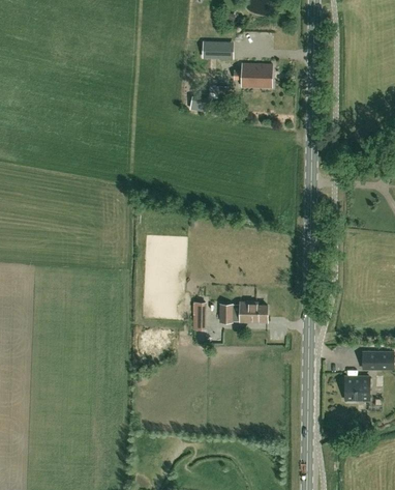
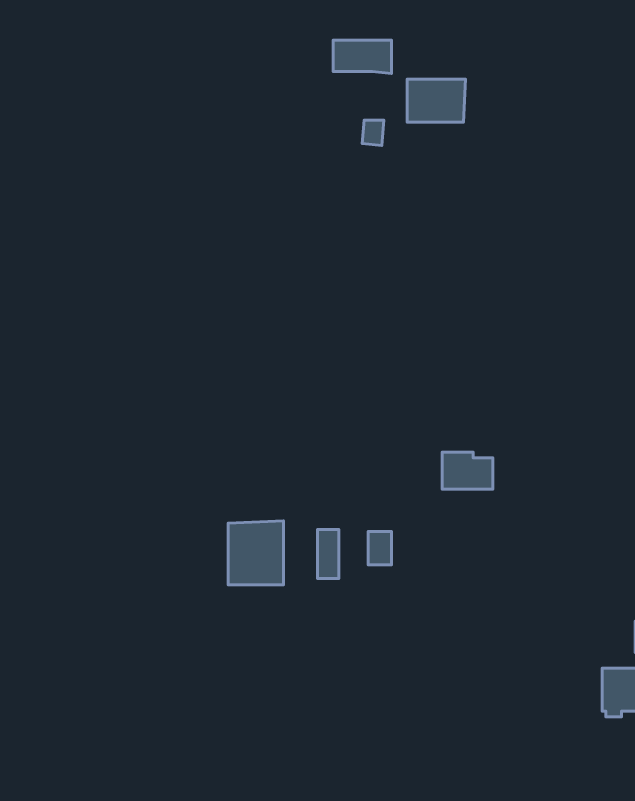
building: none -> [228,521,283,585]
building: [240,302,267,322] -> [442,452,493,489]

